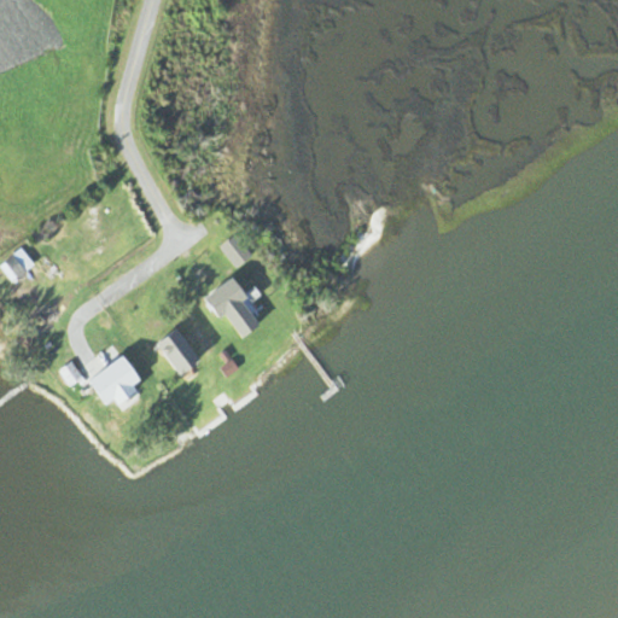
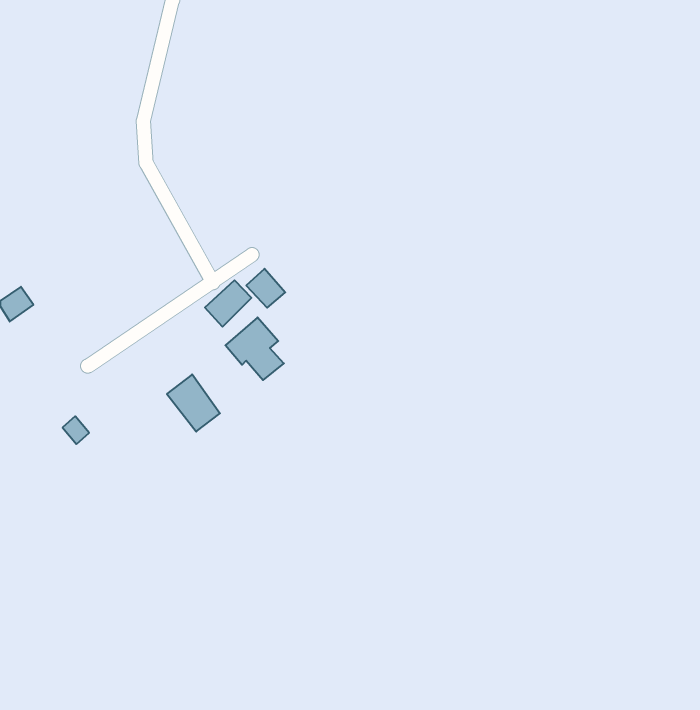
building: none -> [205,280,251,327]
building: [87,356,142,408] -> none

